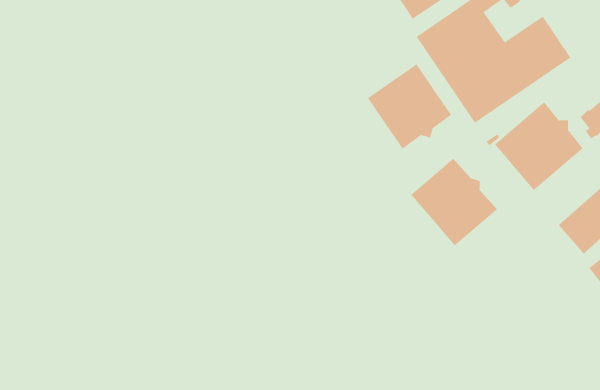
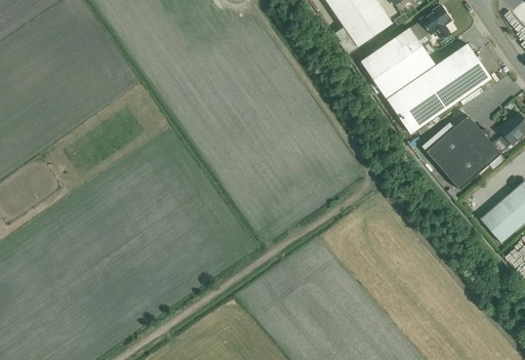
building: [367,64,452,150] -> none
building: [410,158,498,246] -> none

